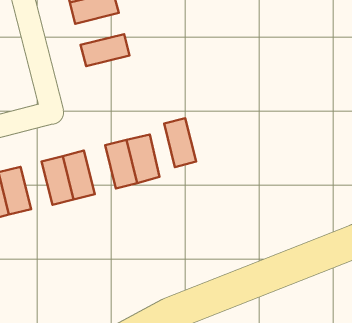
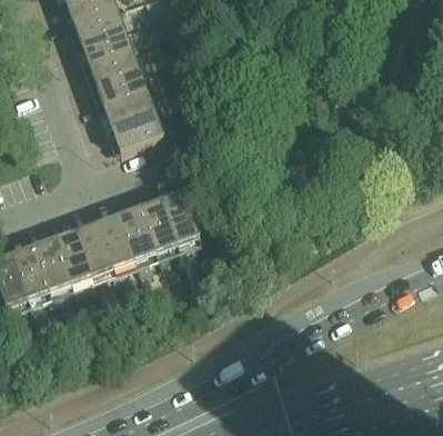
building: none -> [97,70,148,107]
building: none -> [112,112,163,150]
building: [164,118,196,167] -> [119,207,155,258]
building: none -> [56,230,92,280]

